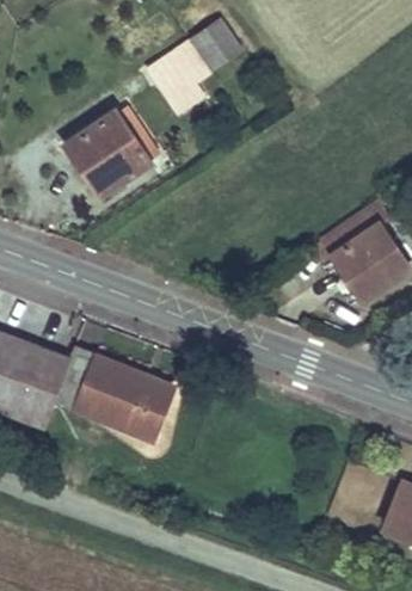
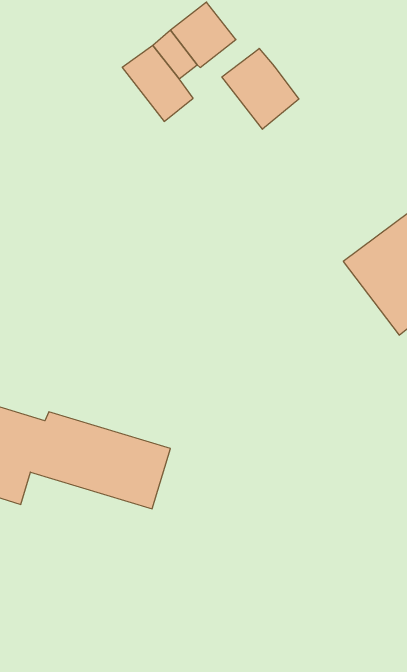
building: none -> [222,48,299,129]
building: [66,111,149,196] -> none

